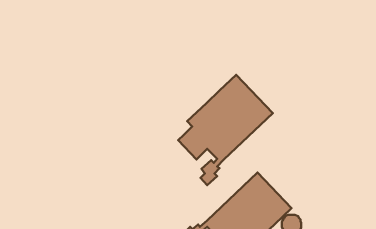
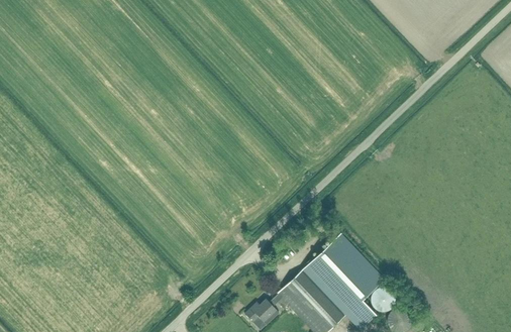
building: [178,75,273,185] -> none

